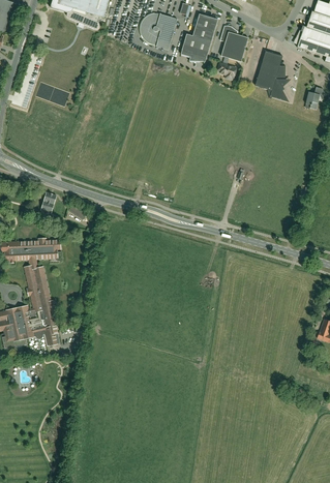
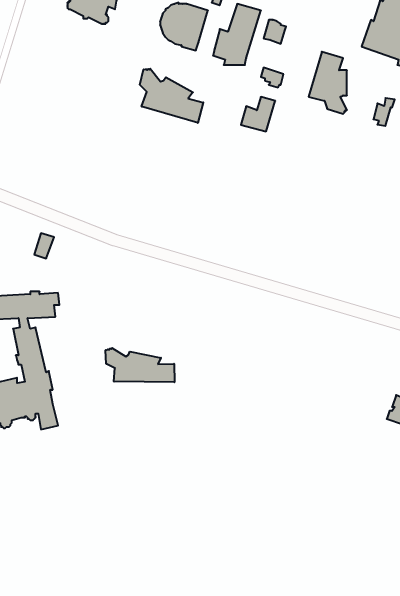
building: [221,34,248,61] -> [241,97,275,131]
building: none -> [140,69,203,123]
building: none -> [106,348,174,382]

